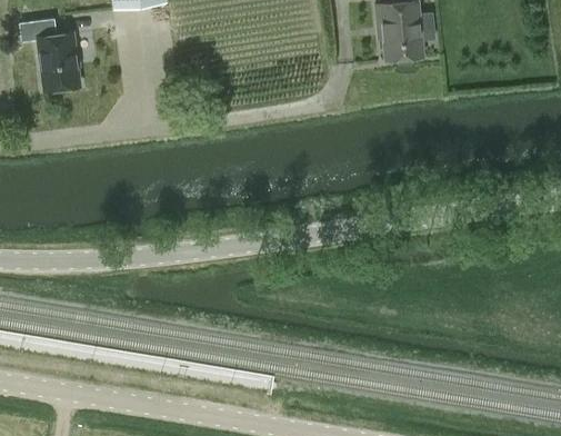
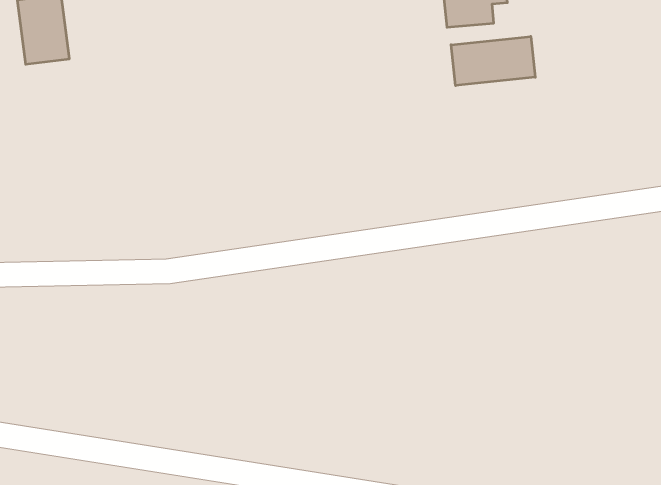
building: none -> [451,36,535,86]

